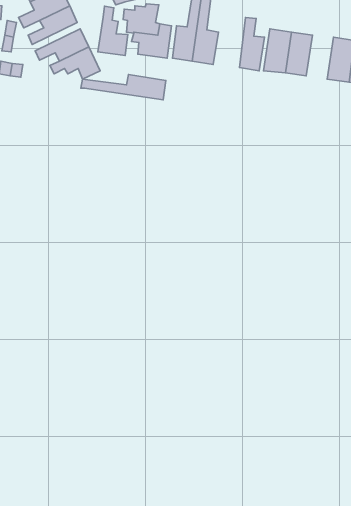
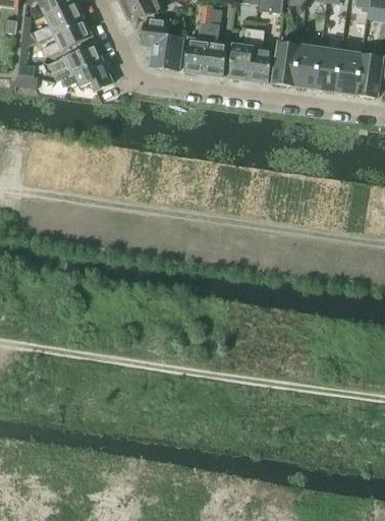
building: [98,6,128,55] -> none
building: none -> [227,30,254,79]
building: none -> [313,48,339,91]
building: [81,75,166,100] -> none

